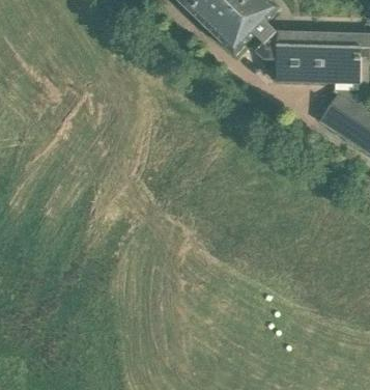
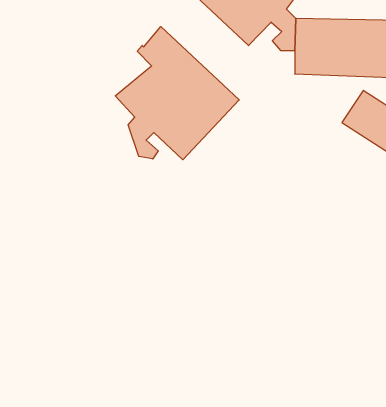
building: none -> [115,27,239,160]

